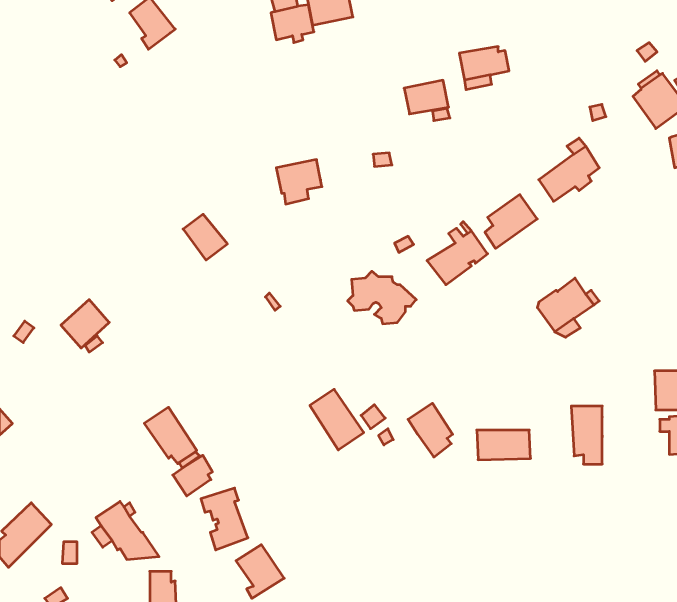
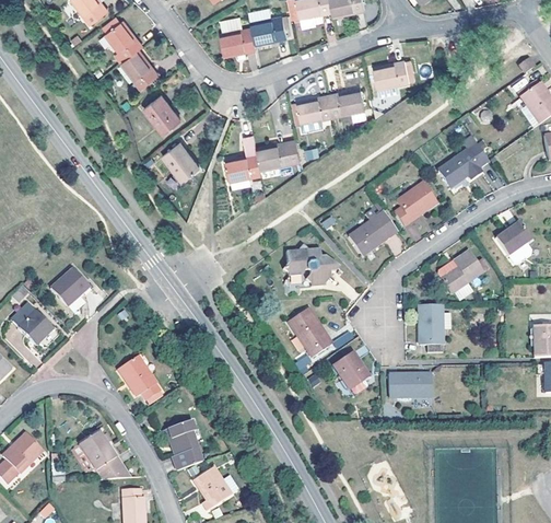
building: none -> [121,50,159,89]
building: none -> [144,95,181,133]
building: none -> [297,95,333,123]
building: none -> [256,141,300,170]
building: [183,214,227,260] -> [164,143,200,181]
building: none -> [495,221,534,262]
building: none -> [12,304,52,345]
building: [310,389,364,450] -> [289,307,332,357]
building: [571,406,602,464] -> [418,304,443,351]
building: [173,455,212,496] -> none

